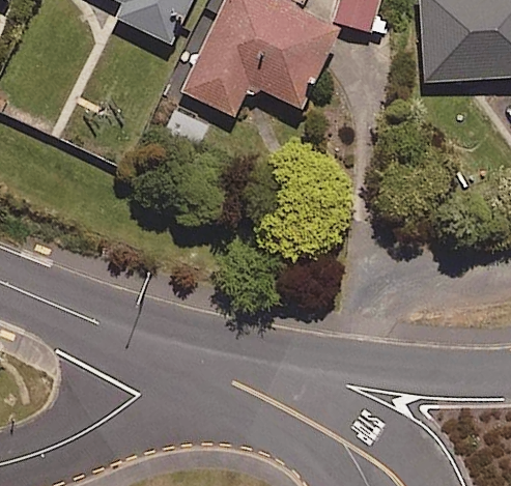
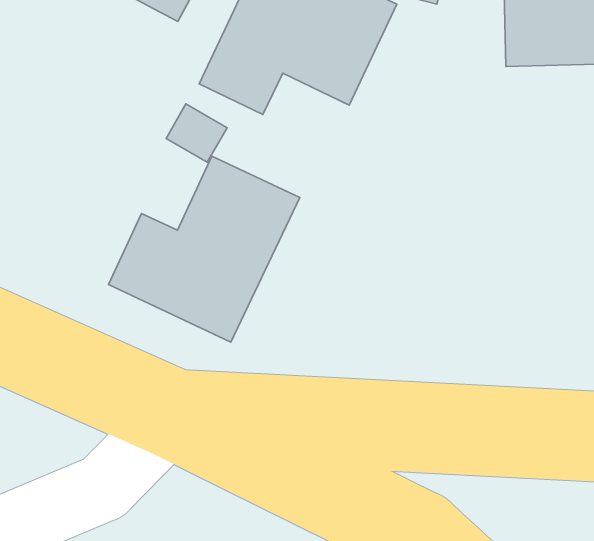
building: none -> [108,156,300,342]

